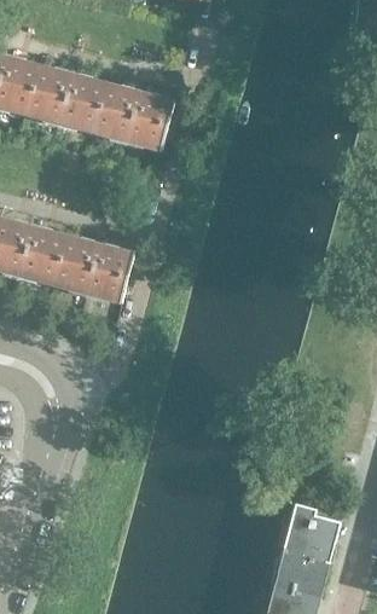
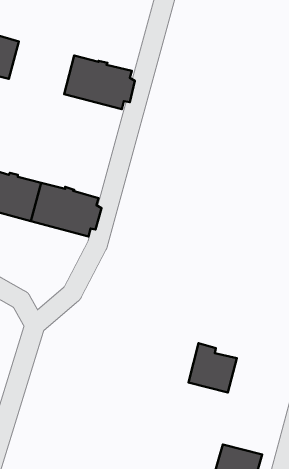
building: [27,68,105,131] -> none
building: [283,503,341,562] -> [188,343,237,393]

